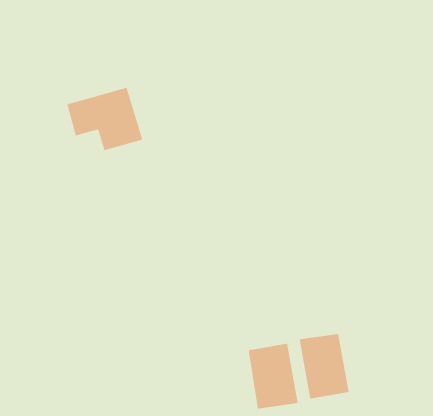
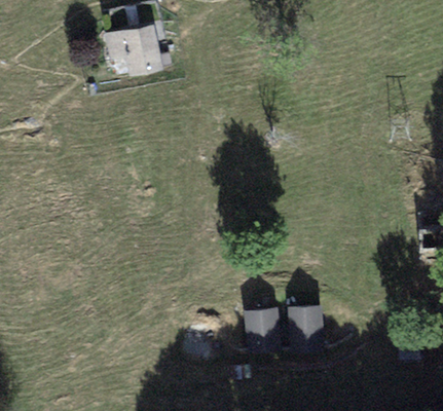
building: [67,87,143,151] -> [104,25,162,74]

